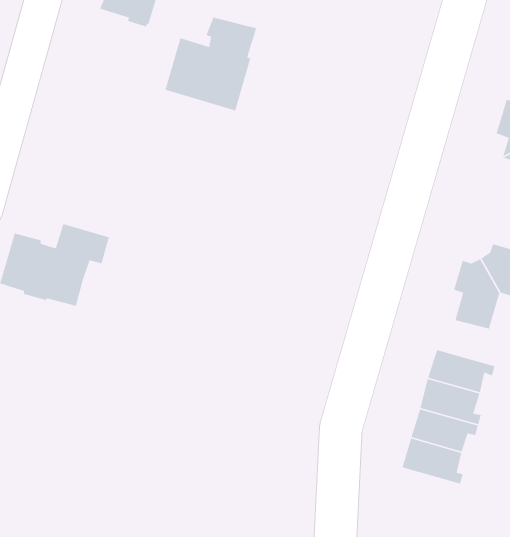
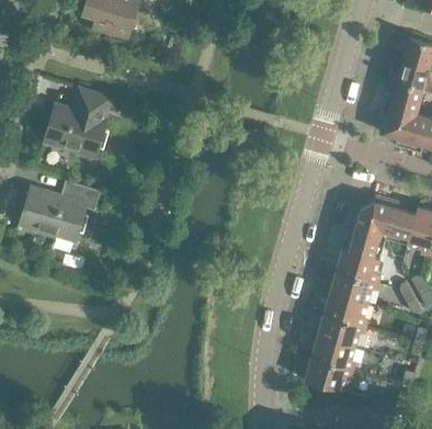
building: [165,16,257,111] -> [44,89,111,158]
building: none -> [336,249,380,284]
building: none -> [304,358,353,392]

